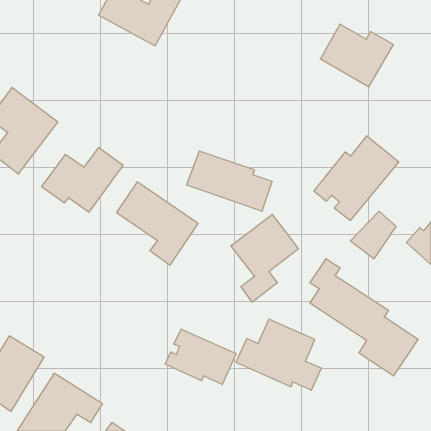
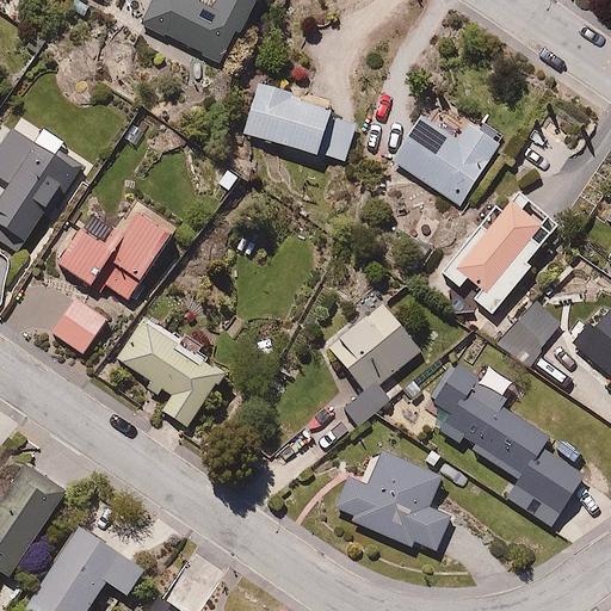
building: [320,24,393,87] -> [393,113,495,202]
building: [187,151,272,211] -> [236,79,357,163]
building: [117,182,198,265] -> [110,313,224,430]
building: none -> [51,292,111,353]
building: [165,329,236,385] -> none

